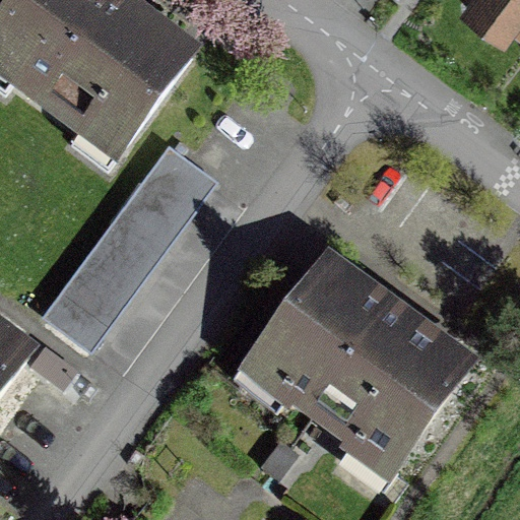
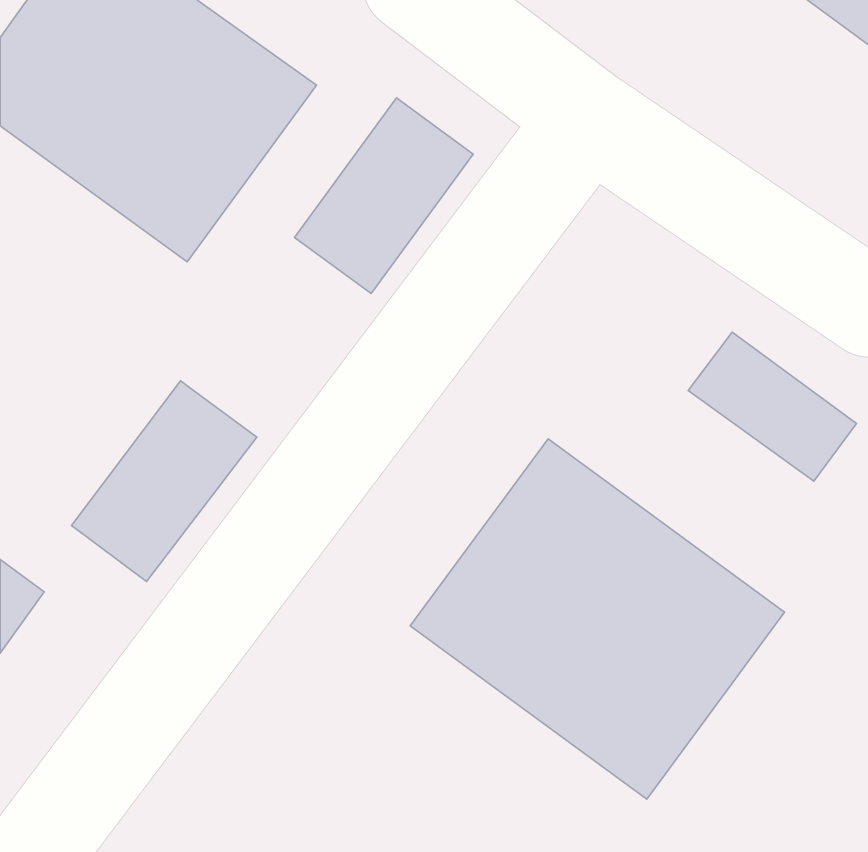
building: [109,144,215,261] -> [295,98,473,294]
building: none -> [688,332,857,481]

